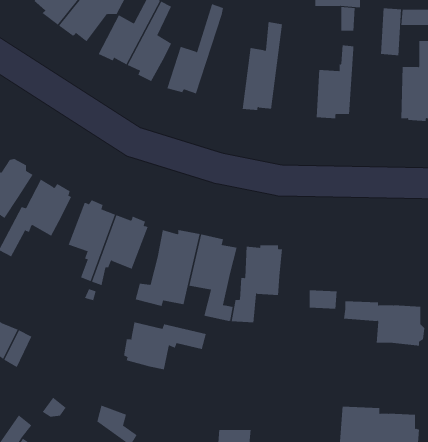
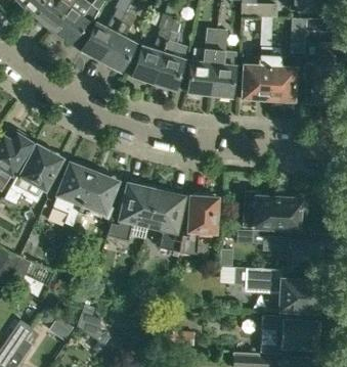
building: none -> [154,22,186,91]
building: none -> [210,30,236,98]
building: none -> [268,46,296,102]
building: none -> [241,189,307,229]
building: [123,321,206,370] -> none
building: none -> [234,268,321,311]

